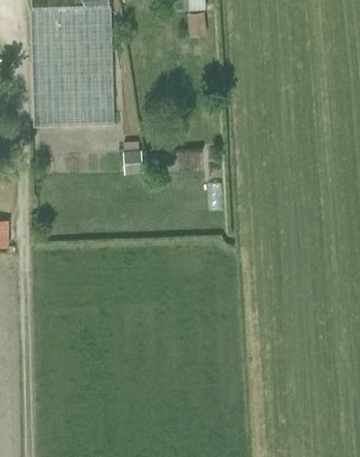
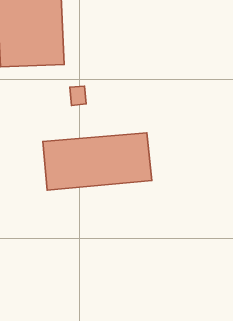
building: none -> [43,133,152,190]

